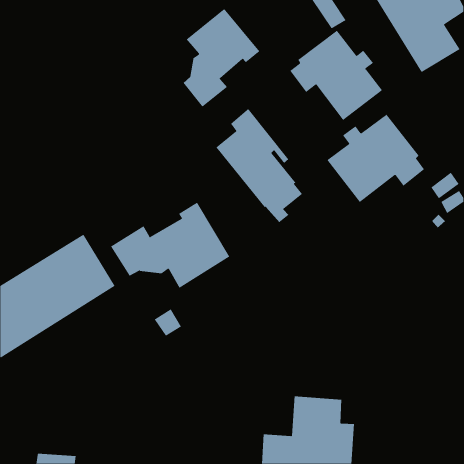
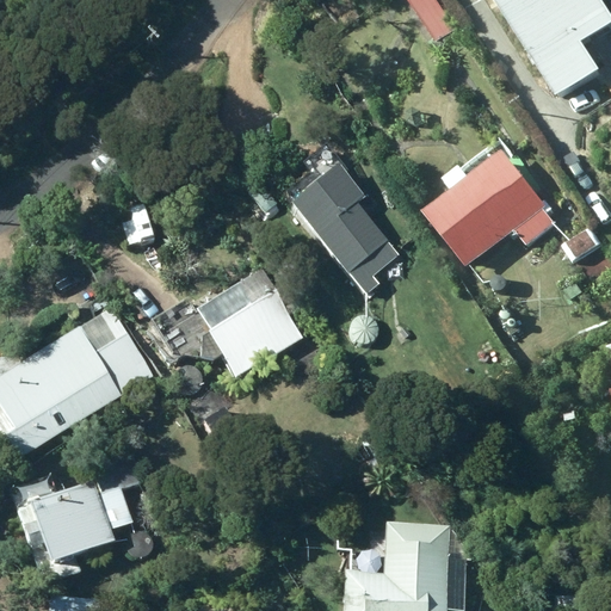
building: [183,8,260,108] -> none
building: [289,30,383,121] -> none
building: none -> [16,453,142,562]

